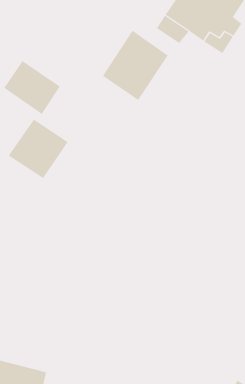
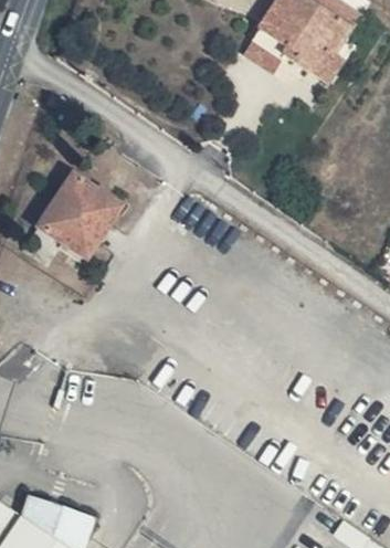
building: [102,30,169,101] -> none
building: [3,60,60,115] -> none

